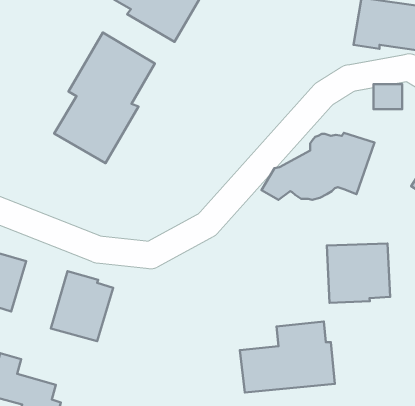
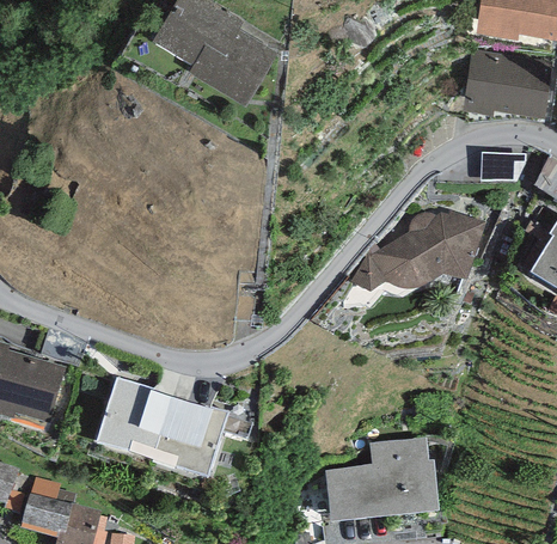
building: [54,33,155,163] -> none
building: [327,243,390,303] -> none
building: none -> [153,397,228,478]

